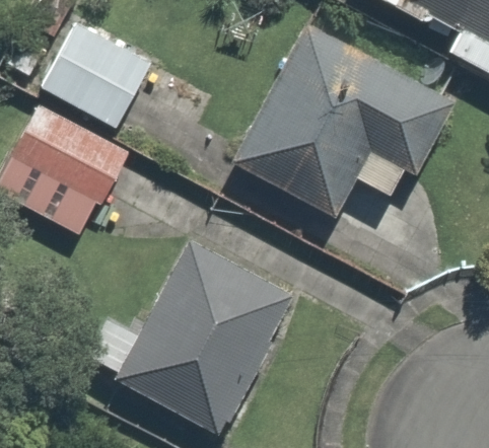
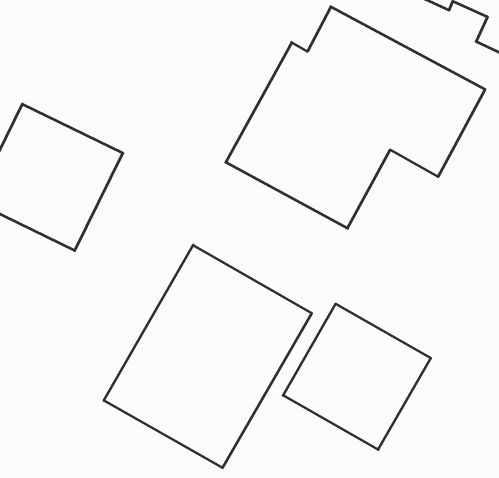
building: [40,19,153,129] -> none
building: none -> [283,304,431,450]

